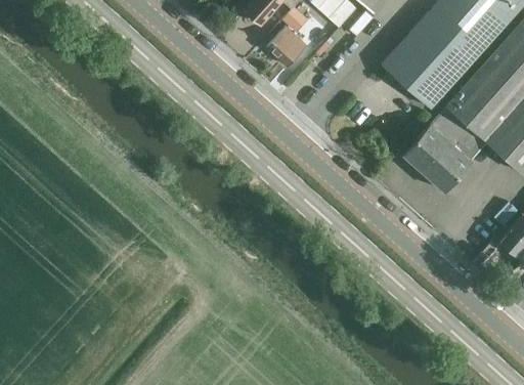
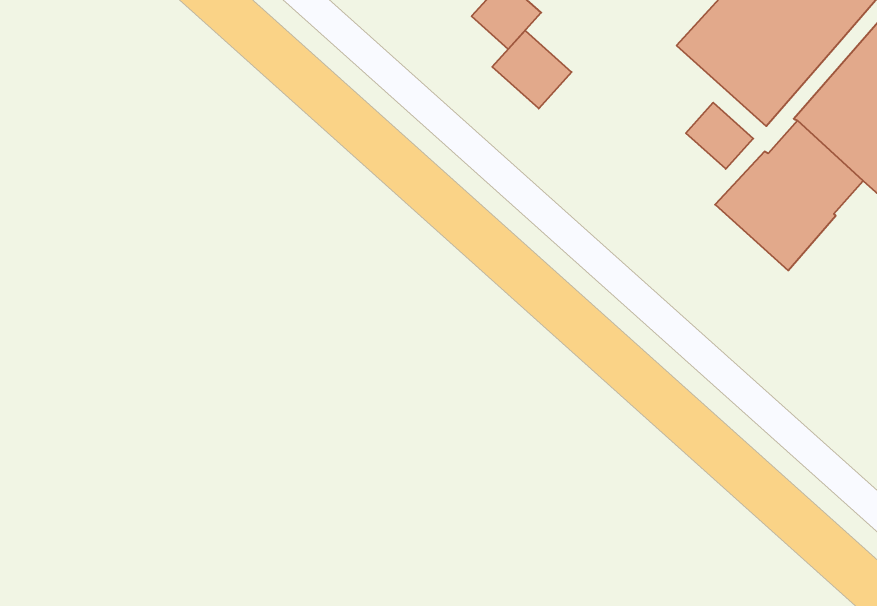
building: none -> [492,30,572,109]
building: none -> [686,103,753,169]

